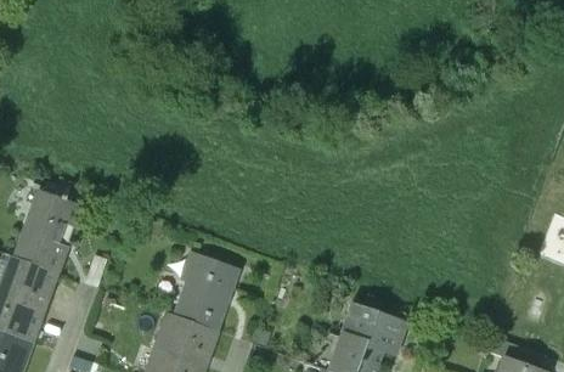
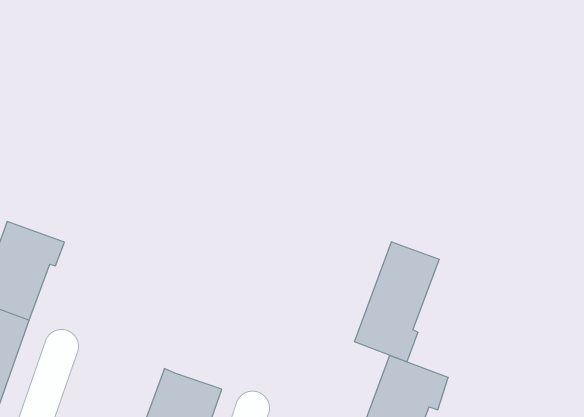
building: none -> [354,242,439,362]
building: [176,252,238,329] -> none

